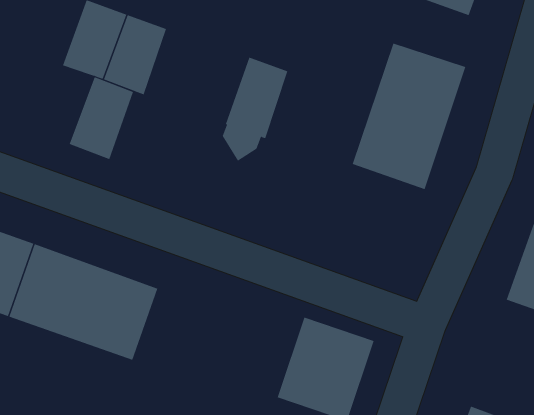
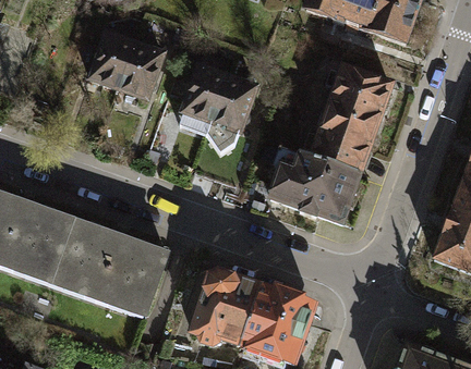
building: [69,76,134,160] -> [179,63,229,127]
building: none -> [268,151,365,230]
building: none -> [196,258,271,337]

